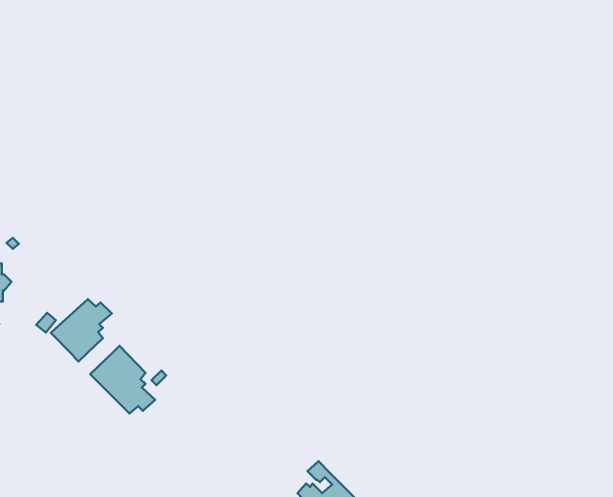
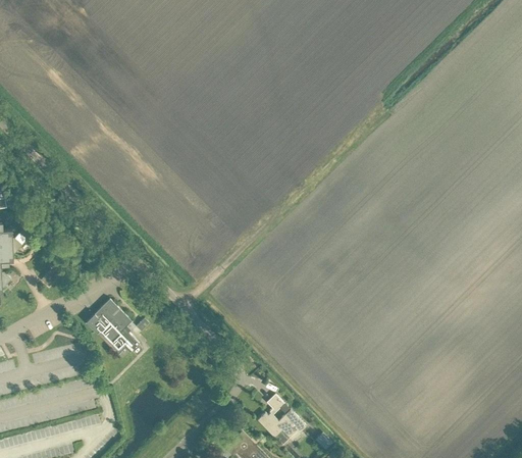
building: [51,299,112,362] -> none

